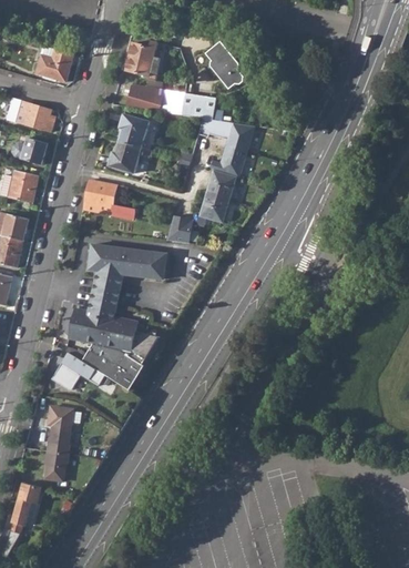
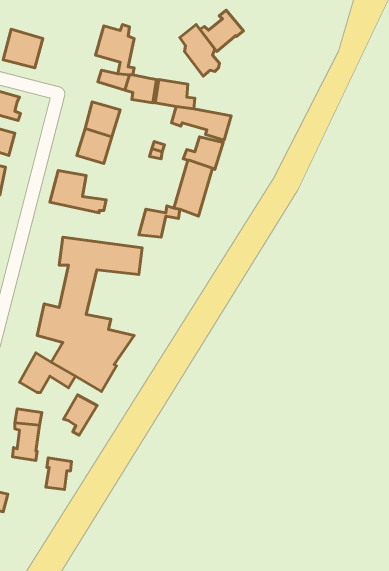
building: none -> [200,10,244,52]
building: none -> [63,395,97,435]
building: [43,452,68,481] -> [46,458,72,490]

